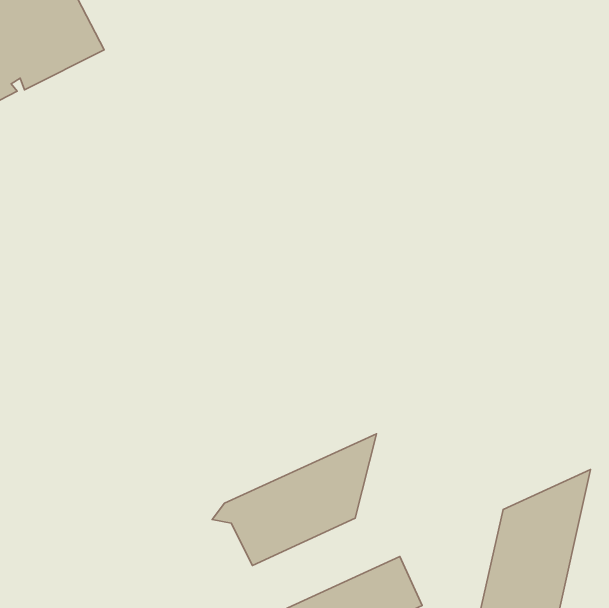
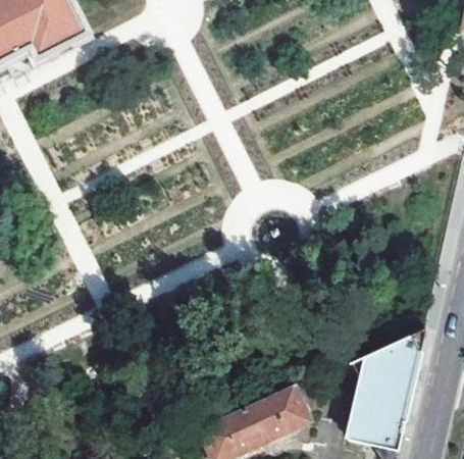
building: [212,434,377,566] -> none

